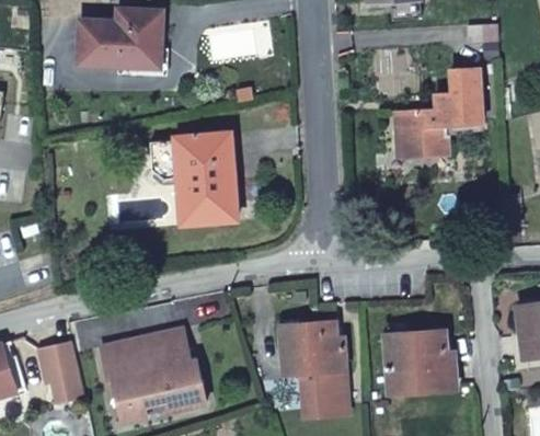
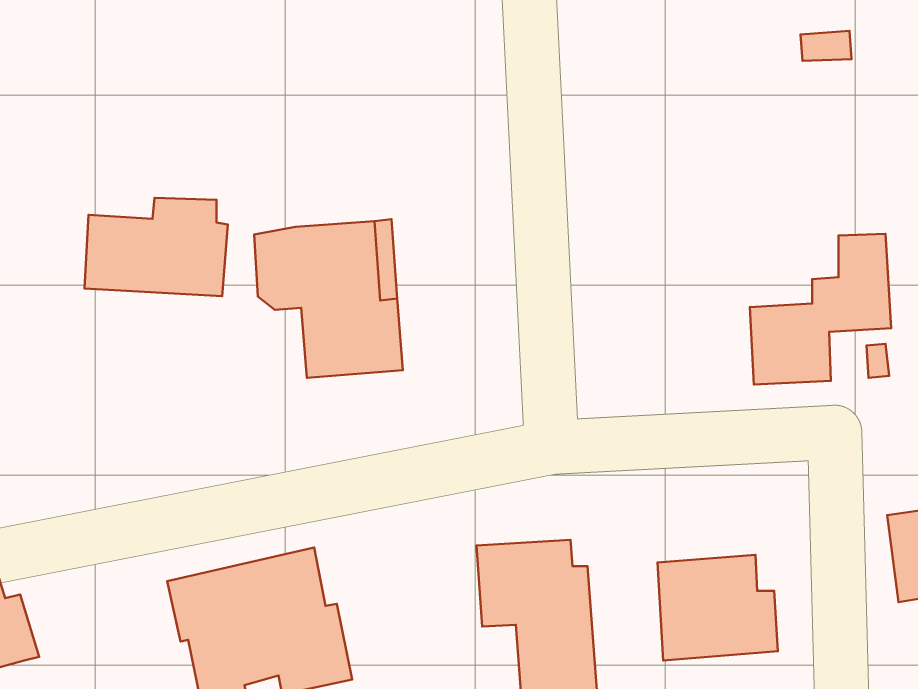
building: [78,12,161,69] -> [85,198,228,296]
building: [398,71,480,159] -> [750,234,891,385]
building: [39,341,83,400] -> none

